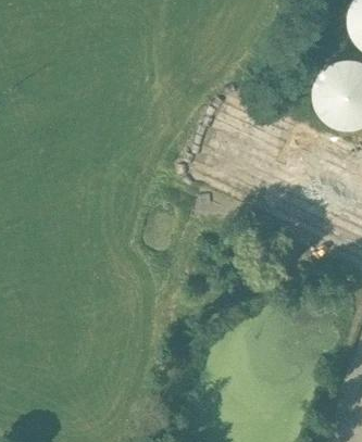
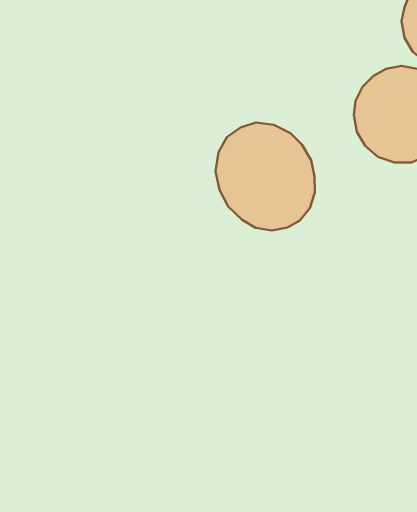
building: none -> [216,122,315,230]

